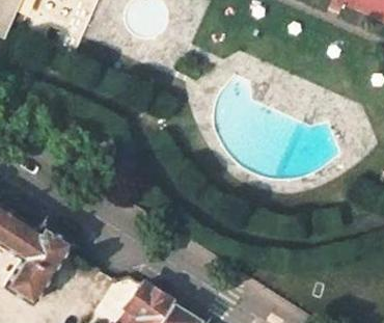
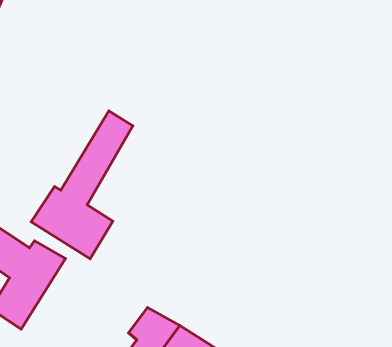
building: none -> [31,111,133,259]

